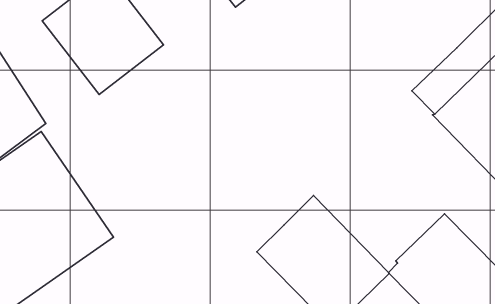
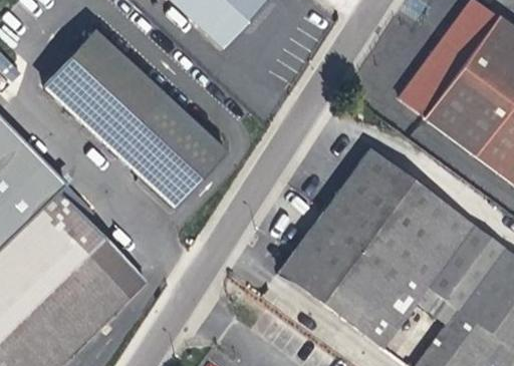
building: none -> [109,93,225,209]
building: none -> [324,150,449,271]

